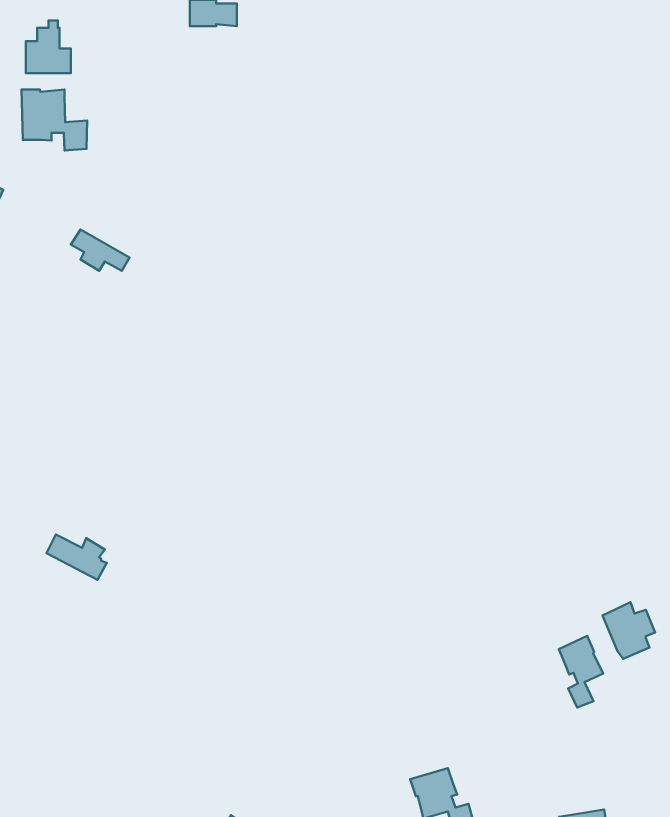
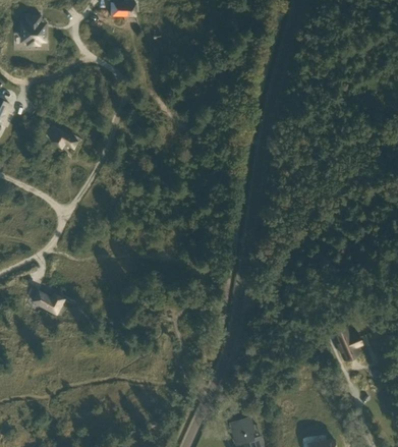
building: [22,89,87,150] -> none
building: [559,636,603,707] -> none

